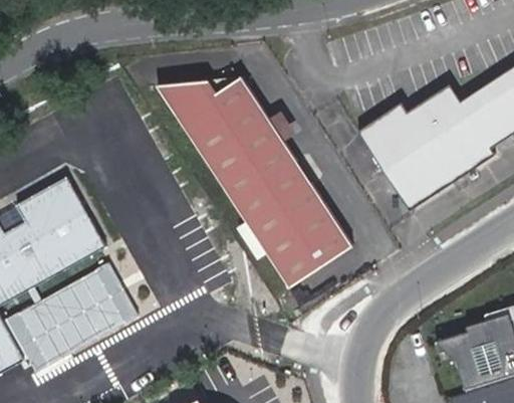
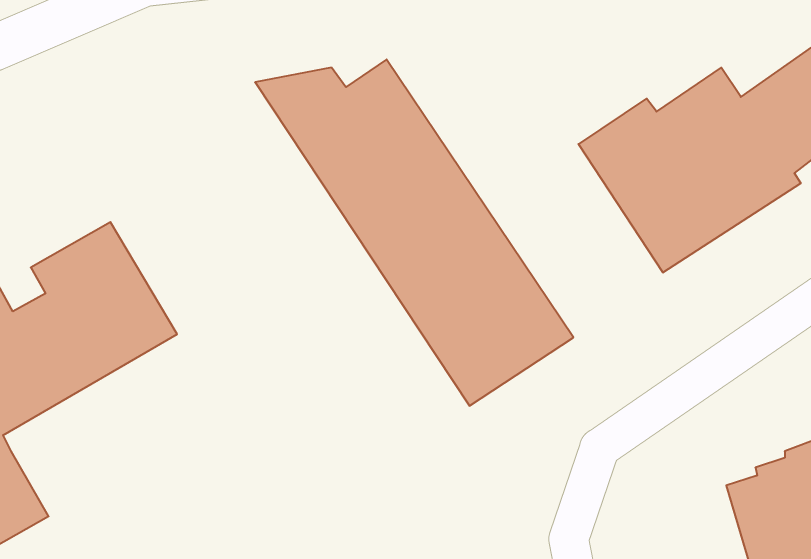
building: [8,265,139,369] -> none

